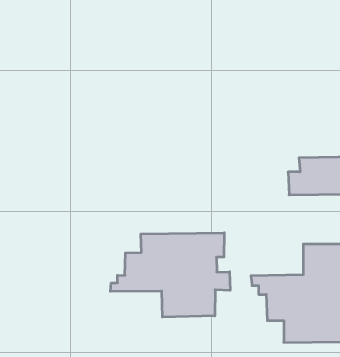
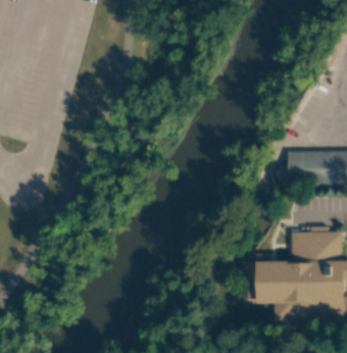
building: [110,233,230,317] -> none

